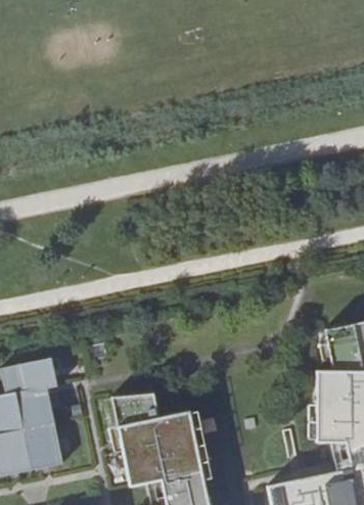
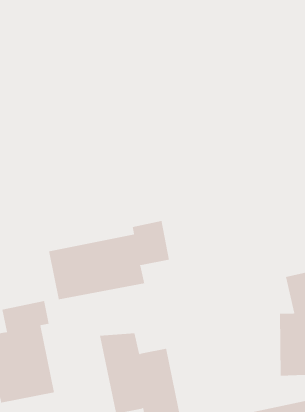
building: none -> [48,220,169,300]

